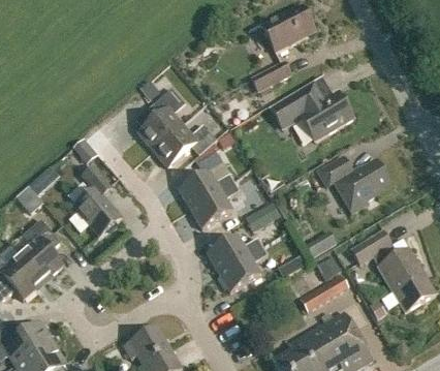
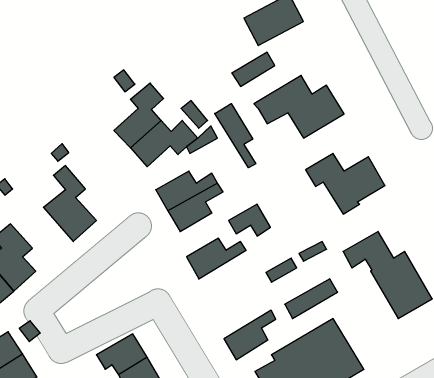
building: none -> [215,104,256,168]
building: [217,246,265,292] -> [224,310,276,360]

